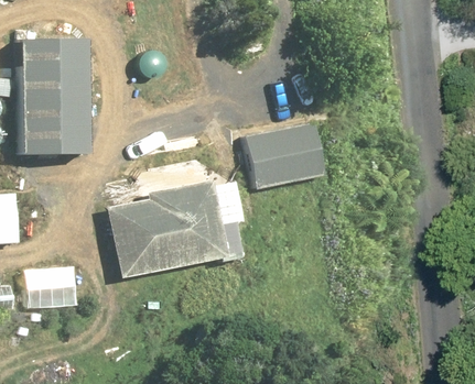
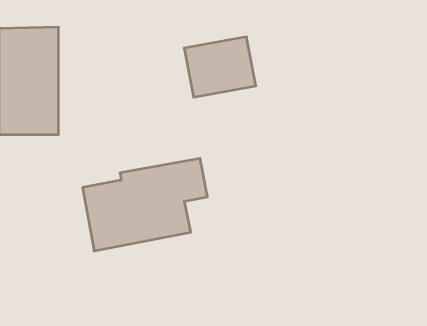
building: [247,123,323,187] -> [184,37,256,97]
building: [26,264,76,307] -> none

